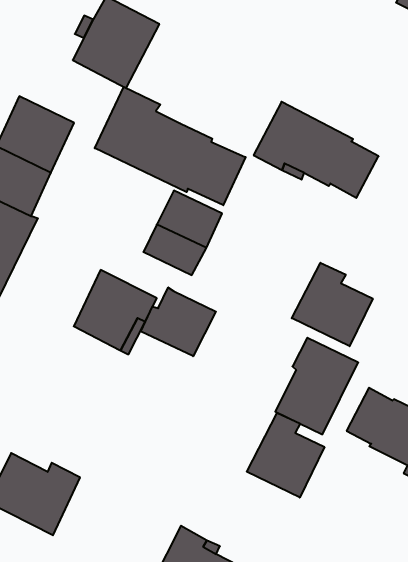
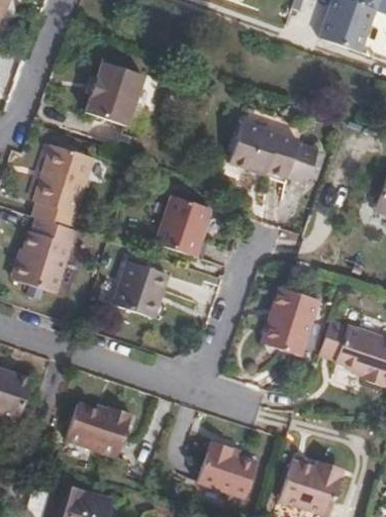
building: [95,87,246,205] -> none
building: [292,263,373,346] -> none
building: [141,287,216,356] -> none
building: [247,413,324,498] -> none

